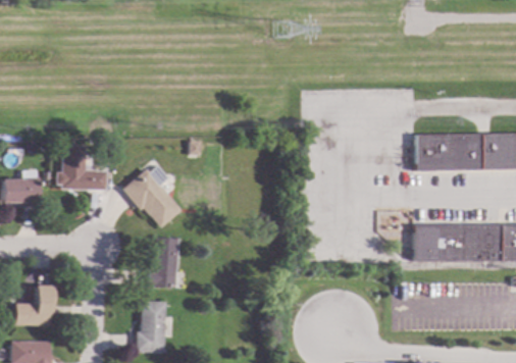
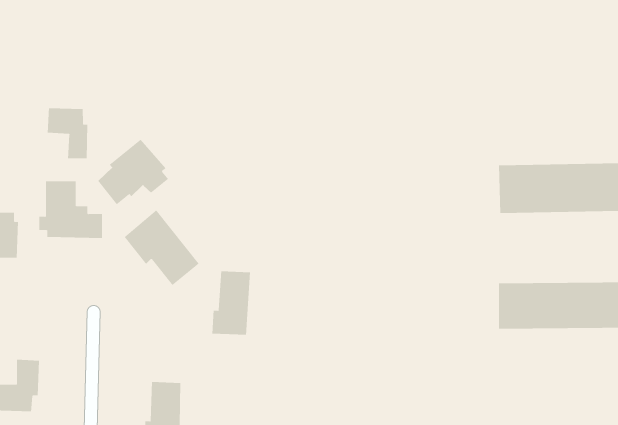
building: none -> [47,107,88,159]
building: none -> [97,139,169,205]
building: [149,238,179,288] -> [211,271,251,335]

